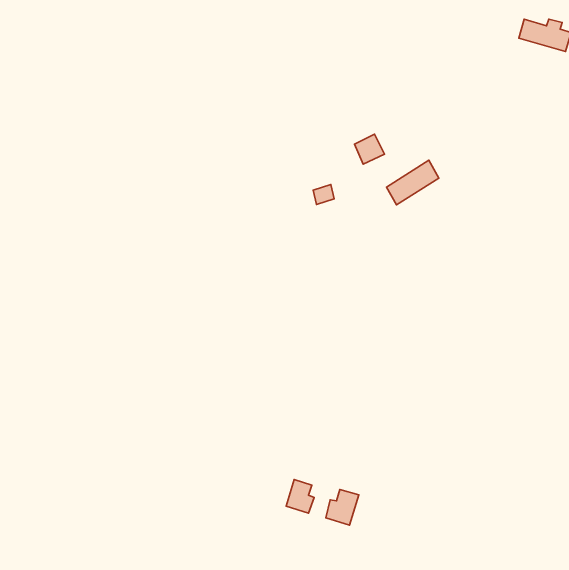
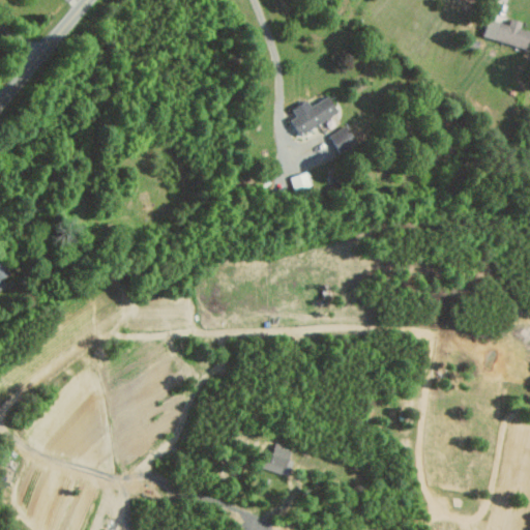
building: [386,160,439,205] -> [289,95,337,137]
building: [326,489,359,525] -> none

